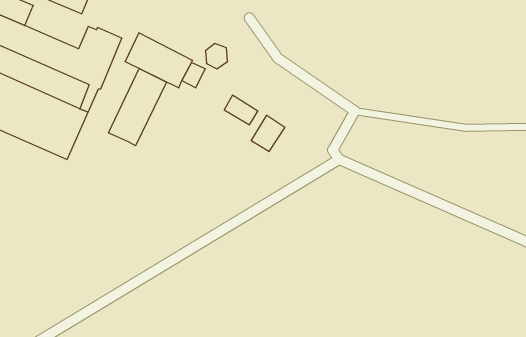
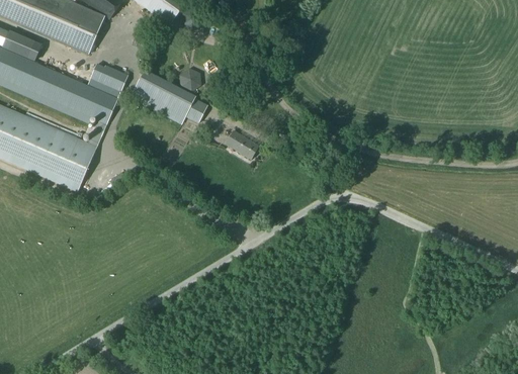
building: [205,44,228,69] -> [179,67,200,91]
building: [109,68,167,146] -> none
building: [251,115,285,152] -> none

